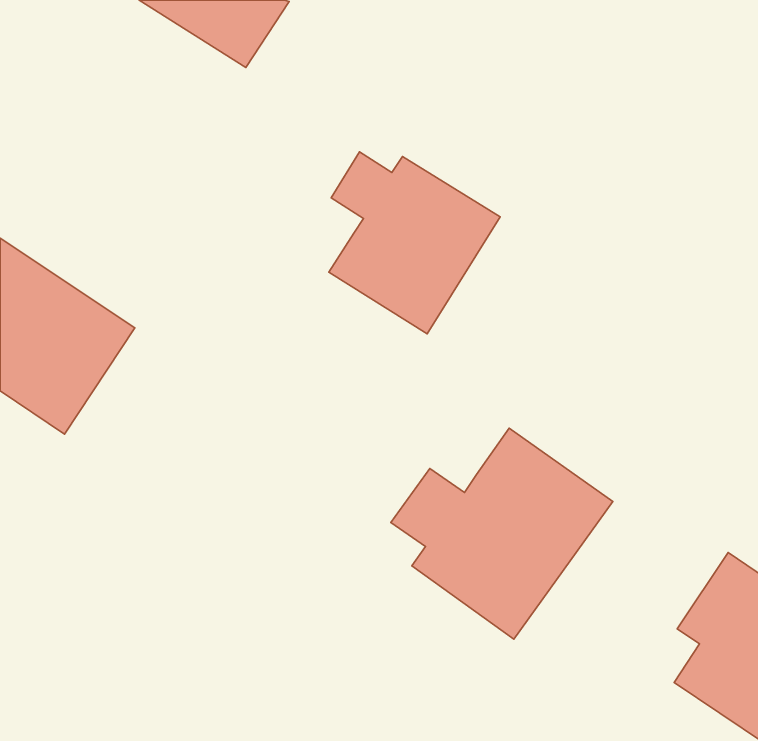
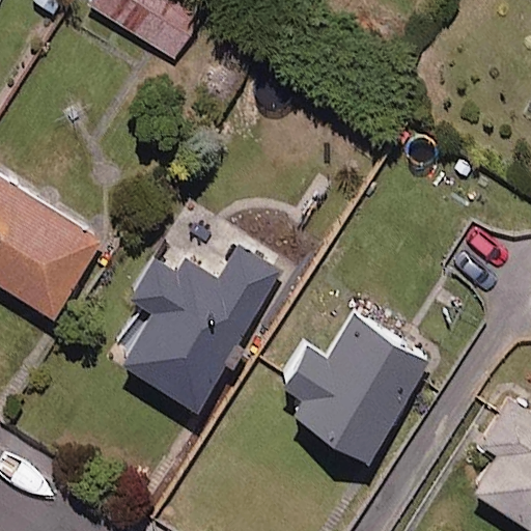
building: [329,152,500,334] -> none
building: none -> [118,221,281,409]

